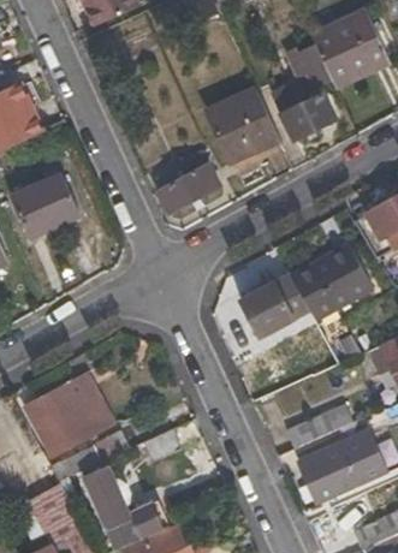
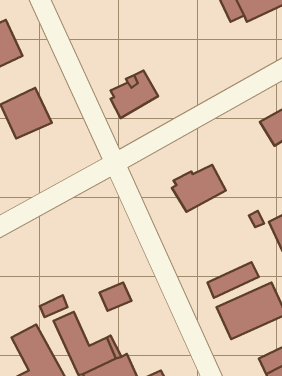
building: [206,87,280,162] -> none
building: [283,91,337,136] -> none
building: [289,240,373,319] -> none
building: [25,387,101,453] -> none

